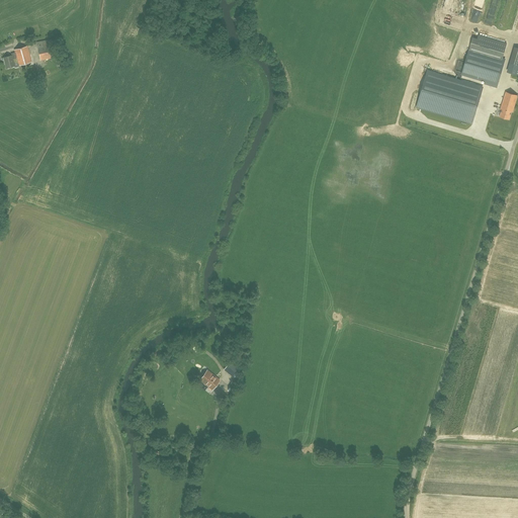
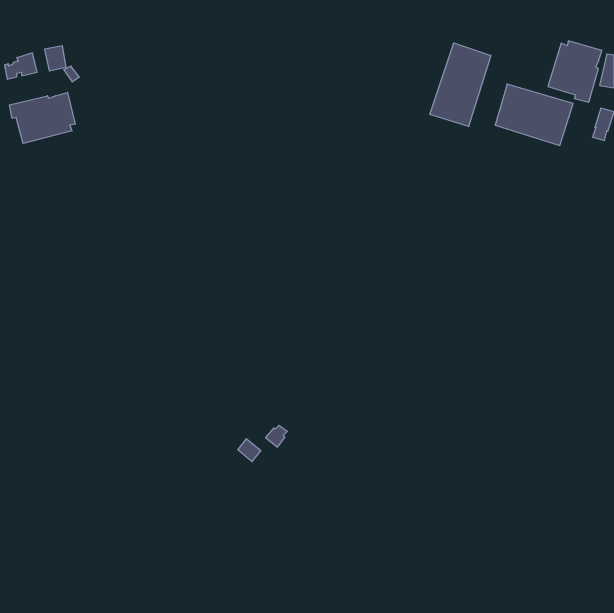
building: none -> [430,43,491,127]
building: none -> [9,92,75,143]

